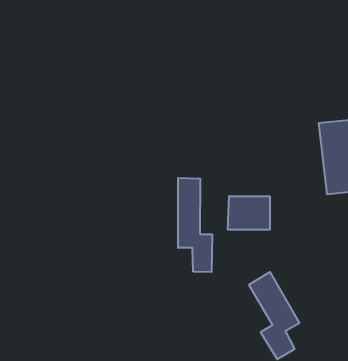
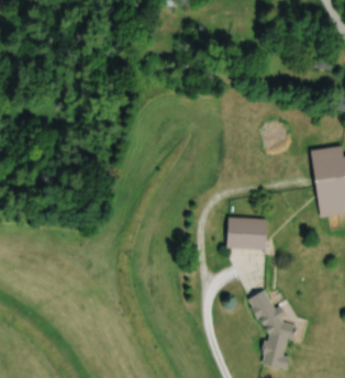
building: [178,178,212,272] -> none

